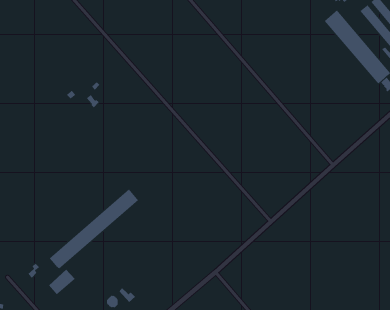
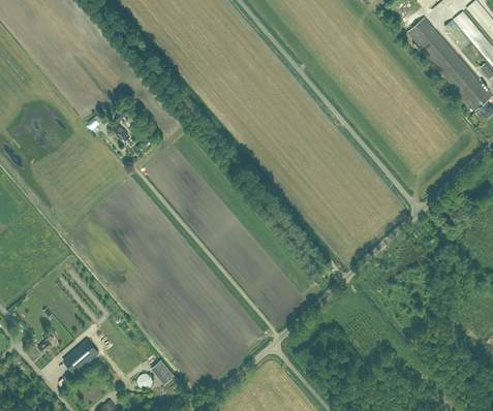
building: [49,188,139,269] -> none

